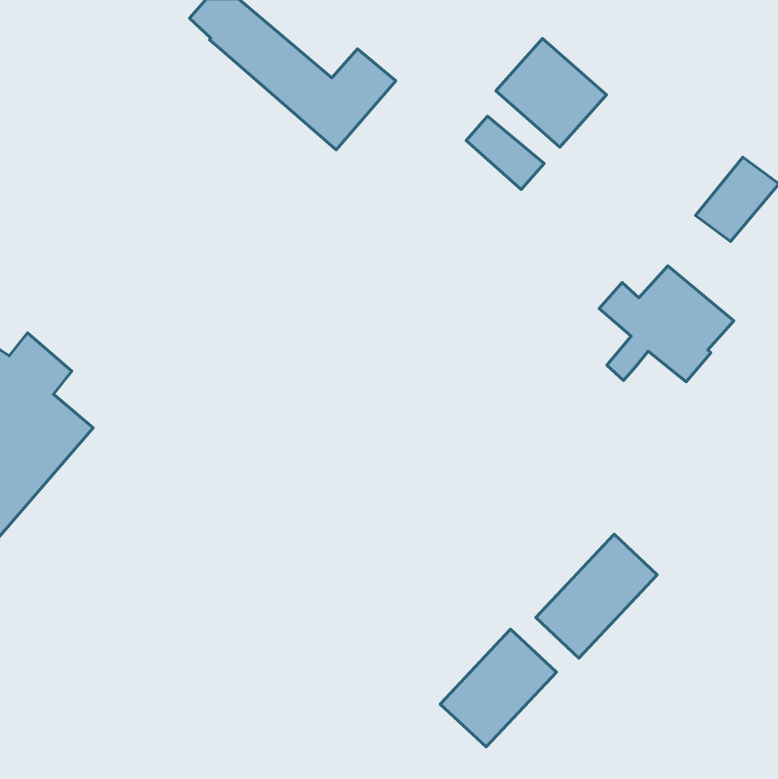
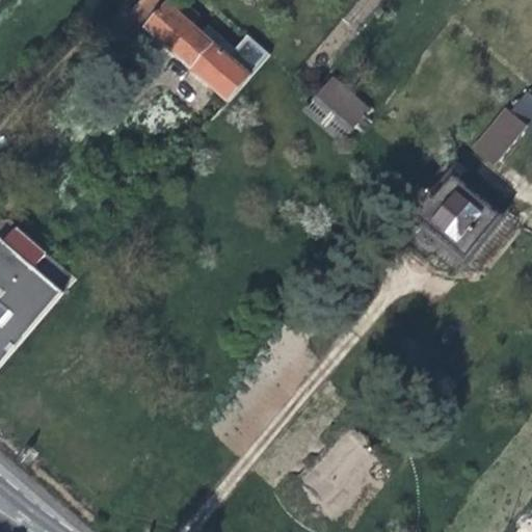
building: [496,38,606,147] -> none
building: [536,534,657,658] -> none

